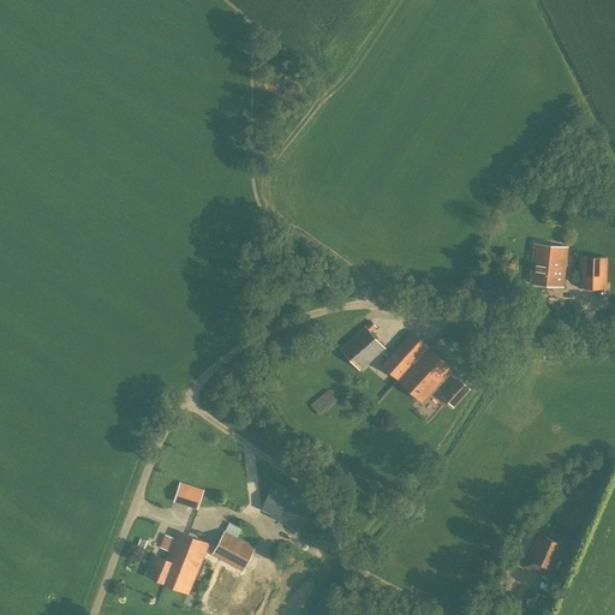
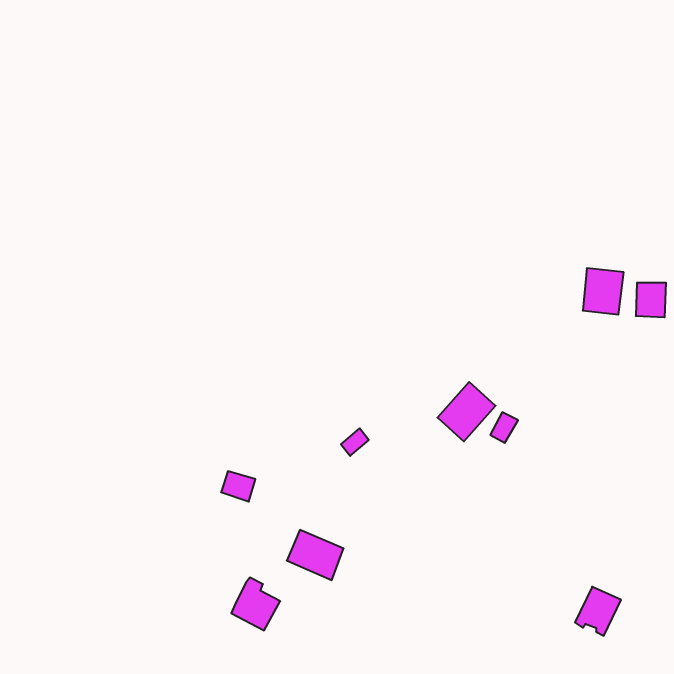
building: [340,322,383,371] -> none
building: [382,334,426,381] -> none
building: [172,483,203,510] -> [221,471,255,502]
building: [145,532,215,593] -> none

